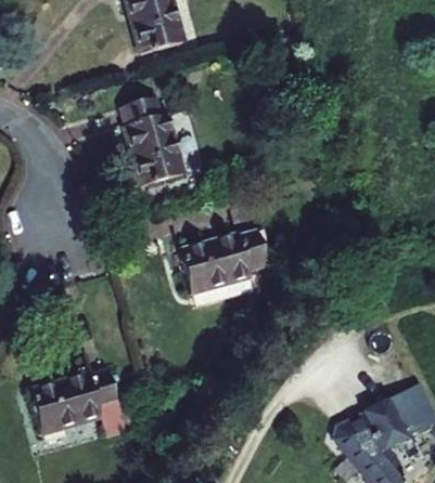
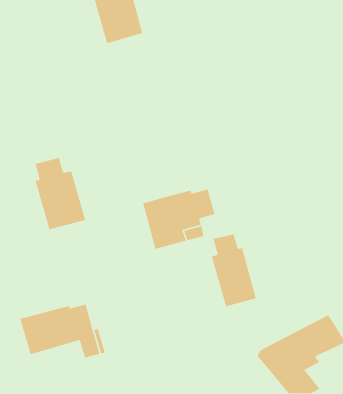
building: [120,95,183,184] -> [34,157,86,230]
building: none -> [211,234,257,307]

